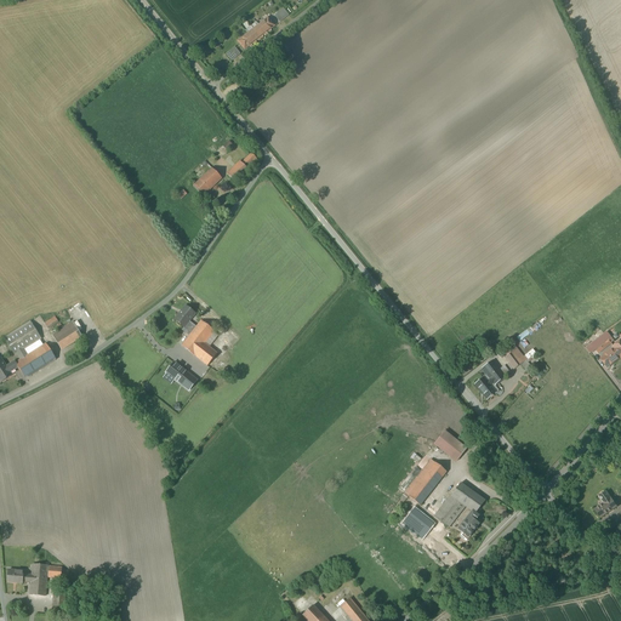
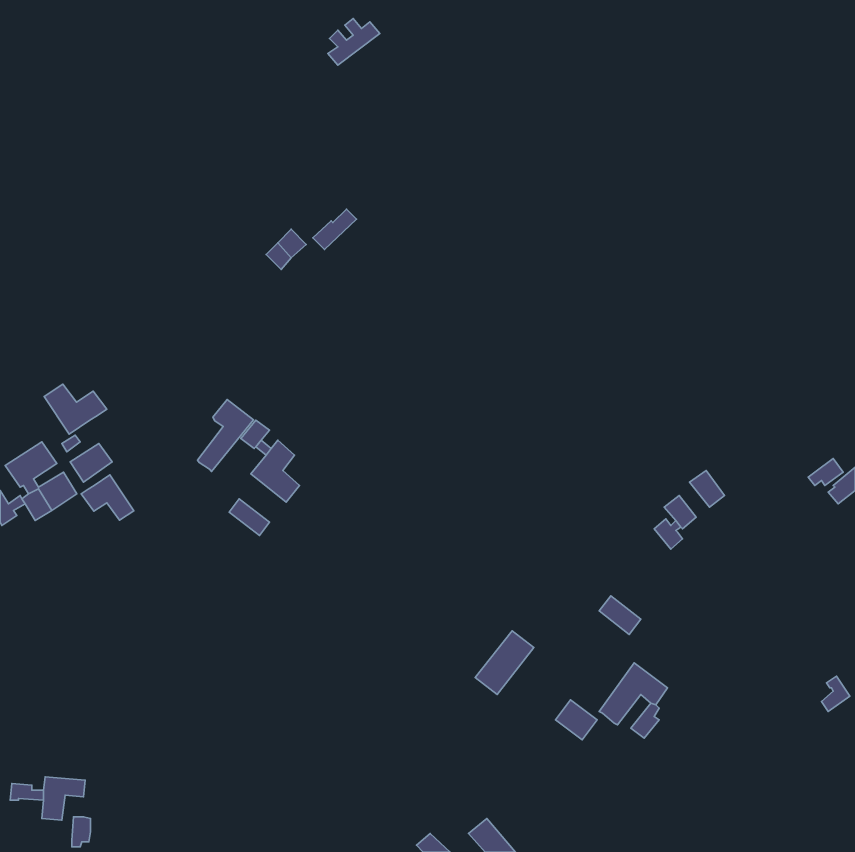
building: none -> [44,384,107,434]
building: none -> [197,400,253,472]
building: none -> [81,475,134,520]
building: [404,457,446,503] -> [475,631,534,694]

